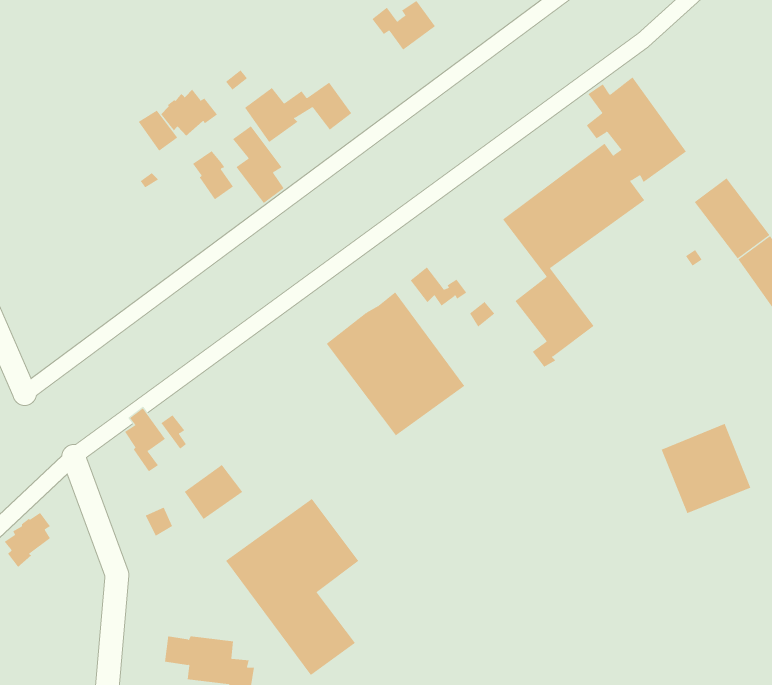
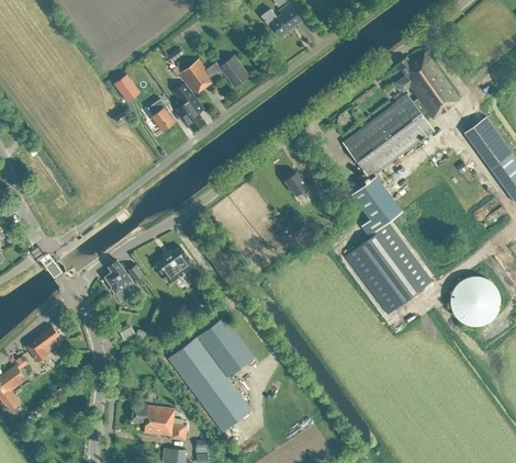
building: [160,89,218,136] -> none
building: [326,292,465,436] -> [345,223,433,314]
building: [184,464,243,520] -> [157,248,194,283]

